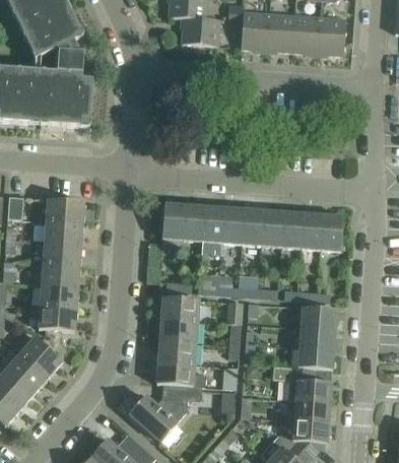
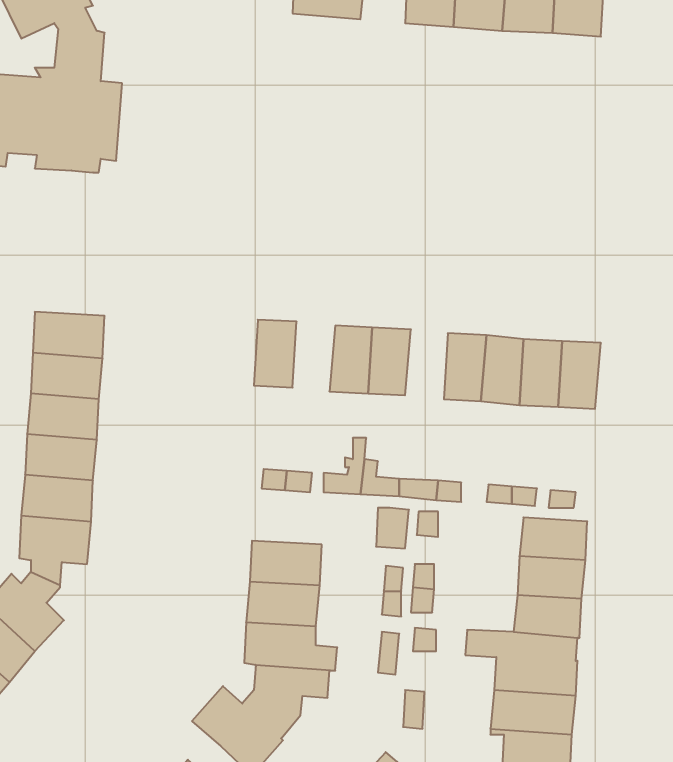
building: [182,204,204,241] -> none
building: [241,208,263,245] -> none
building: [160,296,199,321] -> none

